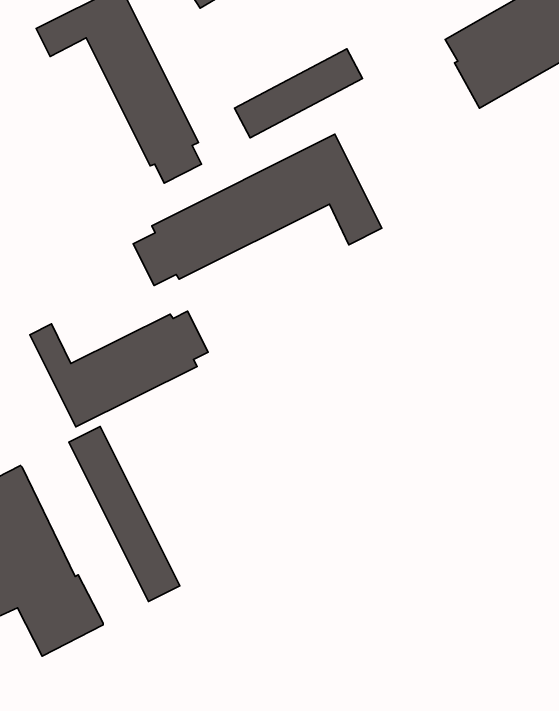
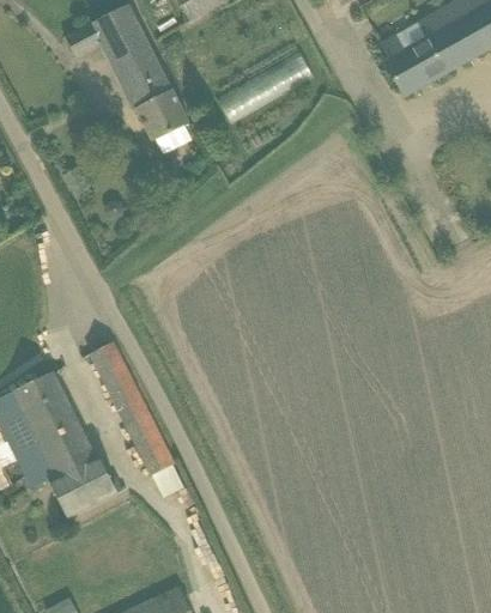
building: [133,134,382,286] -> none
building: [30,311,208,427] -> none

